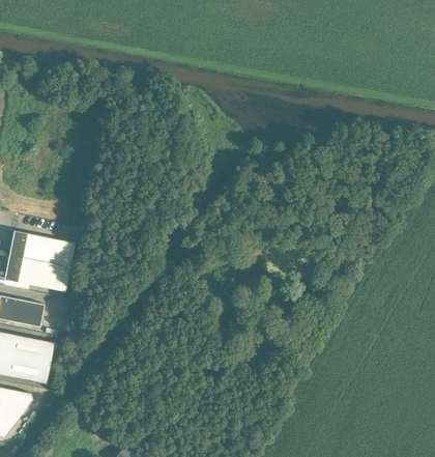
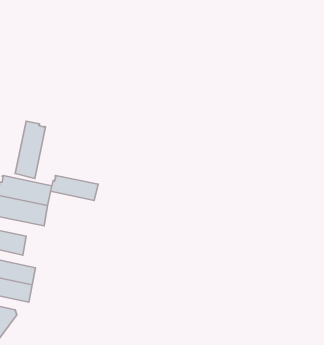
building: none -> [15,121,45,179]
building: none -> [51,175,98,200]

